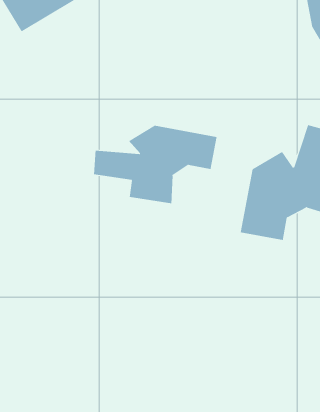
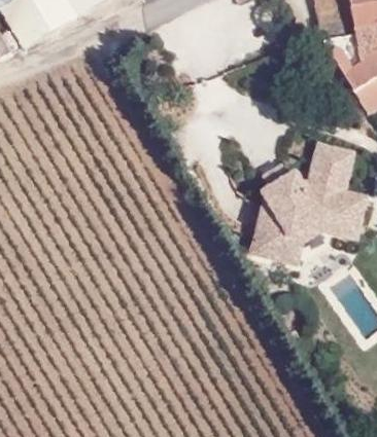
building: [93,125,217,204] -> none

